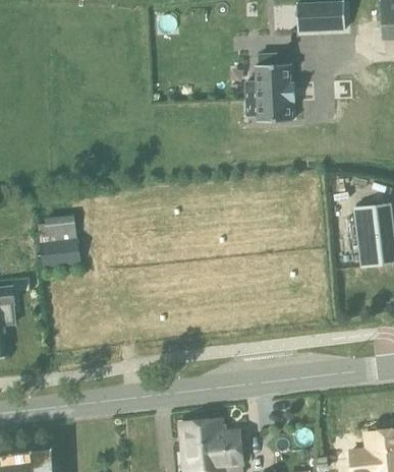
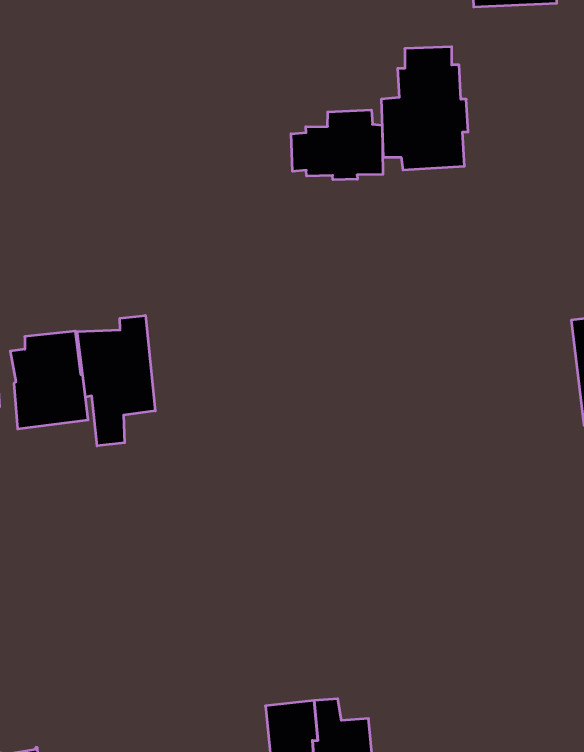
building: none -> [291,110,383,180]
building: none -> [77,315,155,446]

